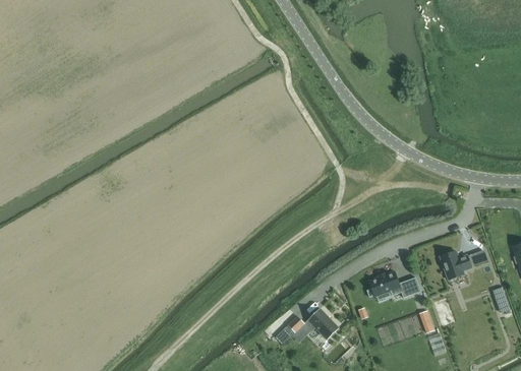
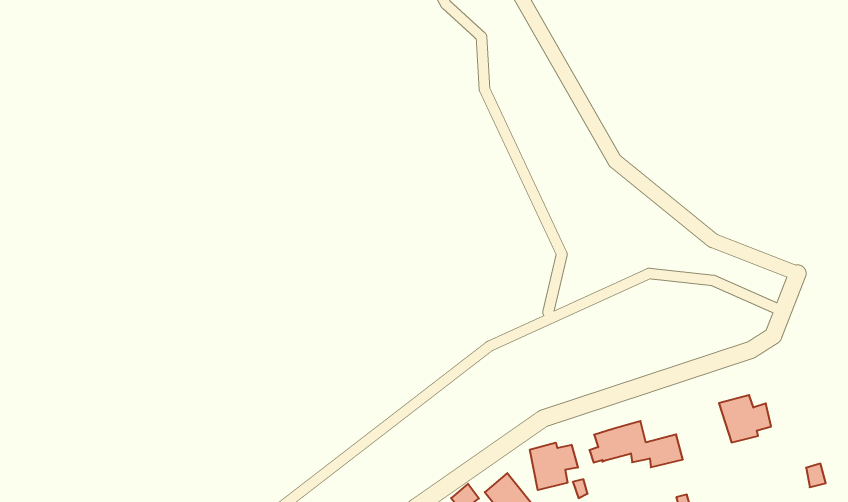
building: none -> [530,443,578,490]

